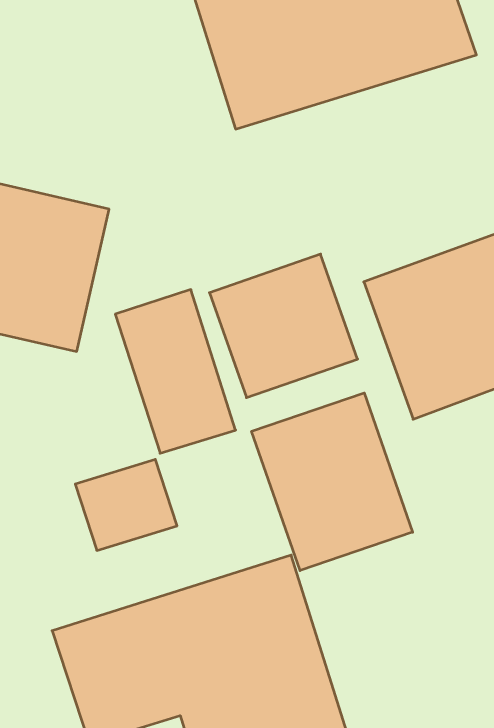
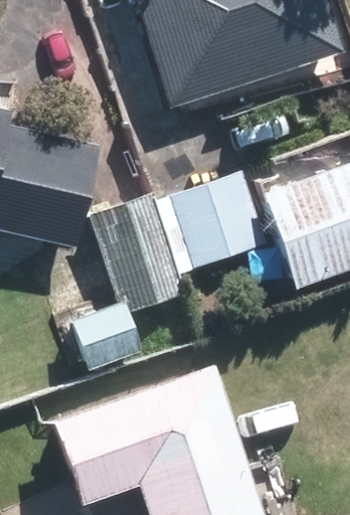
building: [252,393,413,571] -> none

